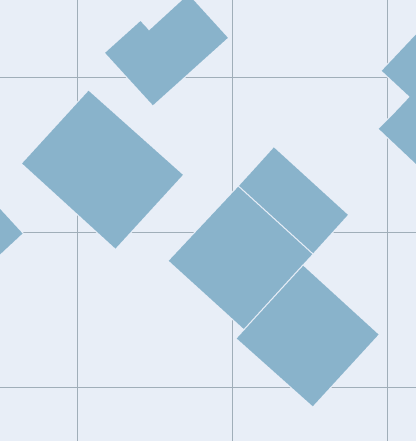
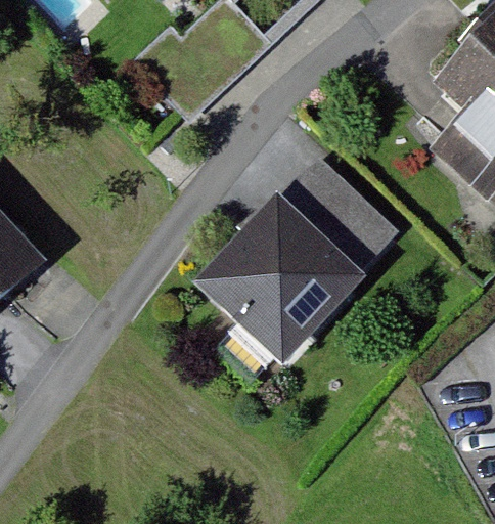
building: [21,90,184,249] -> none
building: [236,265,379,407] -> none

